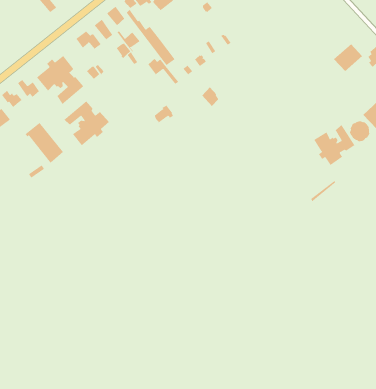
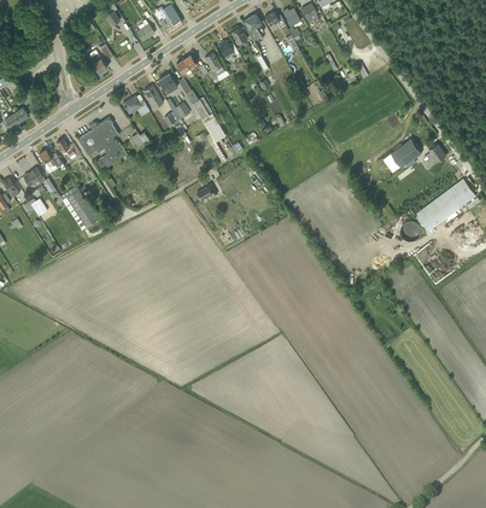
building: [63,100,110,146] -> none
building: [313,124,355,166] -> none

